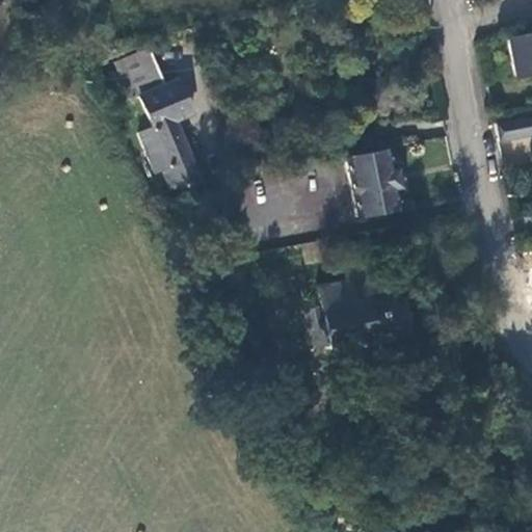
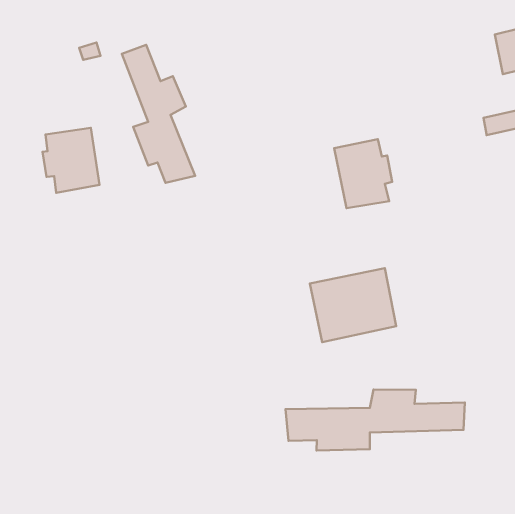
building: none -> [42,128,99,193]
building: none -> [286,390,465,450]

